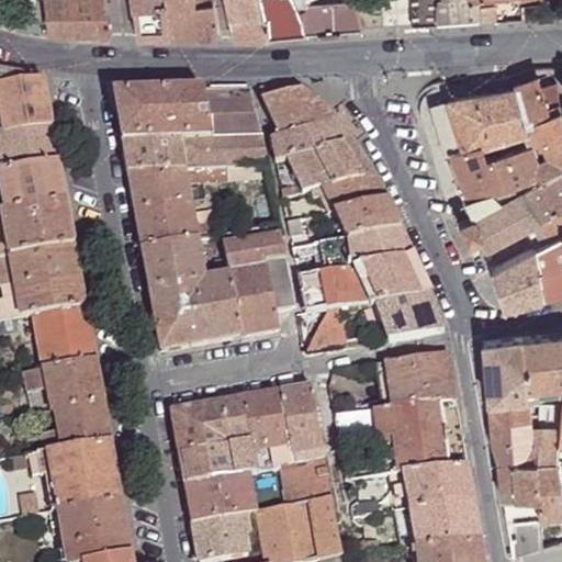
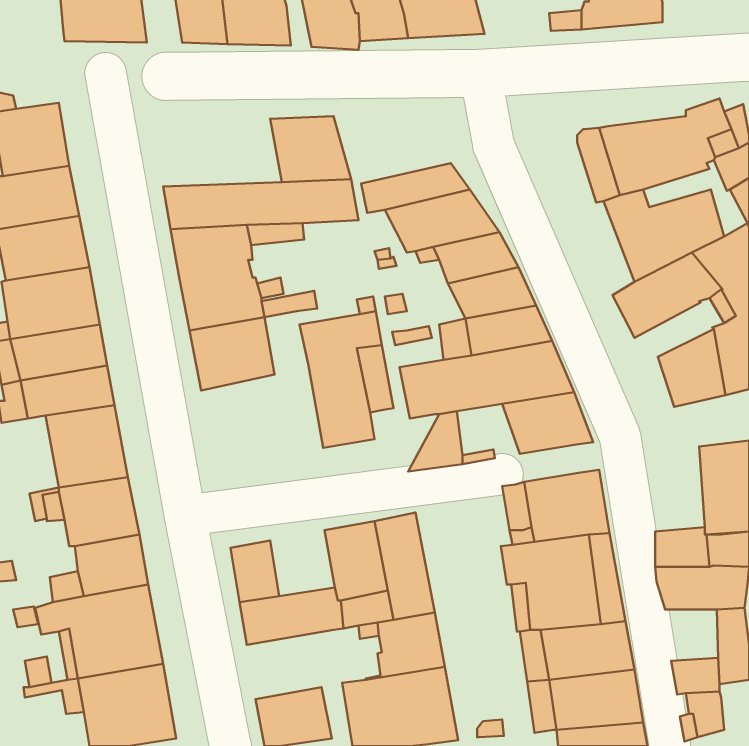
building: [260,87,337,135] -> none
building: [113,89,211,139] -> none
building: [150,273,241,350] -> none
building: [483,334,527,397] -> none
building: [202,396,250,446] -> none
building: [497,456,537,494] -> none
building: [184,471,256,522] -> none

